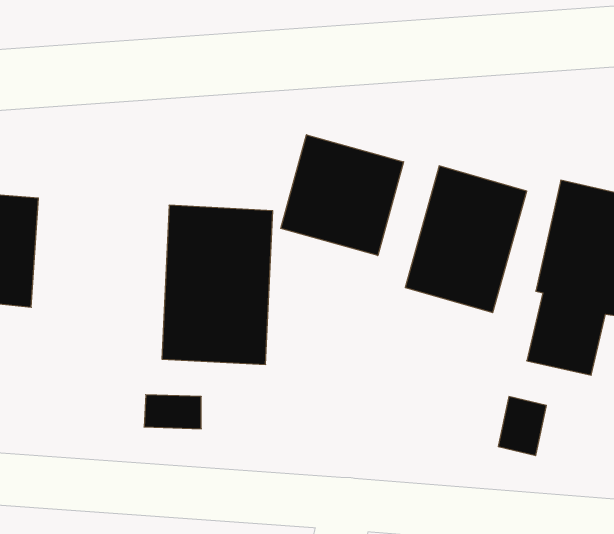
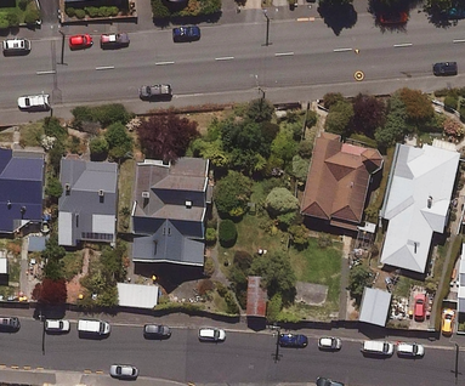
building: [281,135,404,256] -> none
building: none -> [57,157,119,246]

